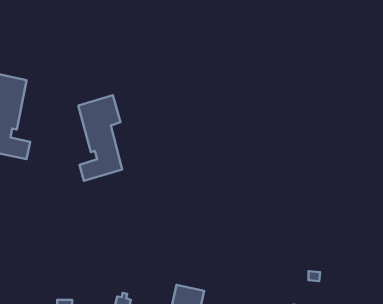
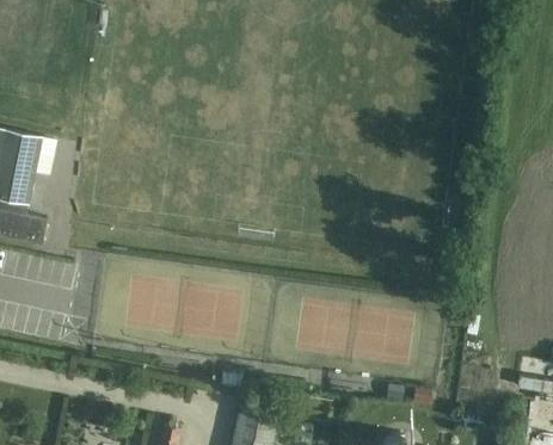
building: [79,95,122,181] -> none

